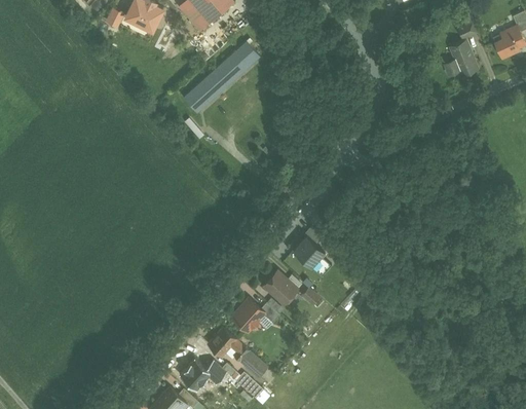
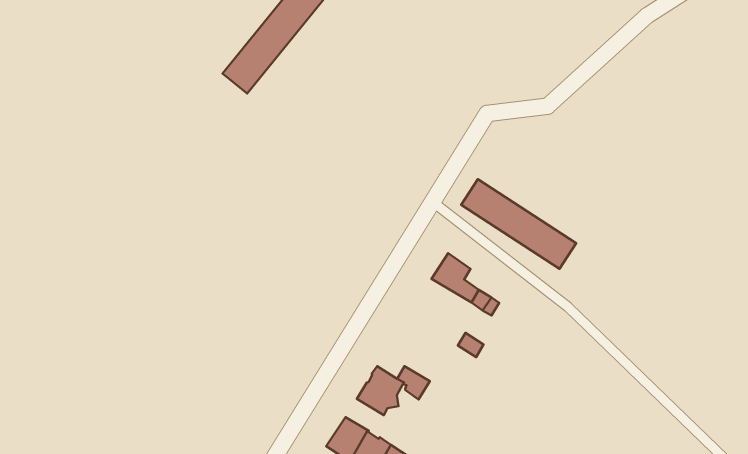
building: none -> [461,179,576,269]
building: [263,271,297,304] -> none

